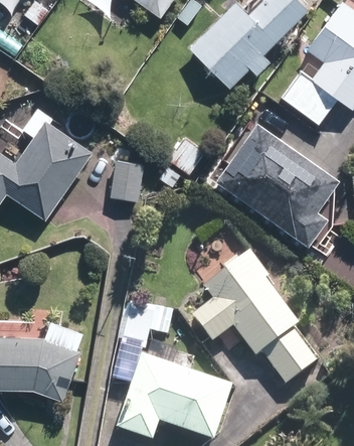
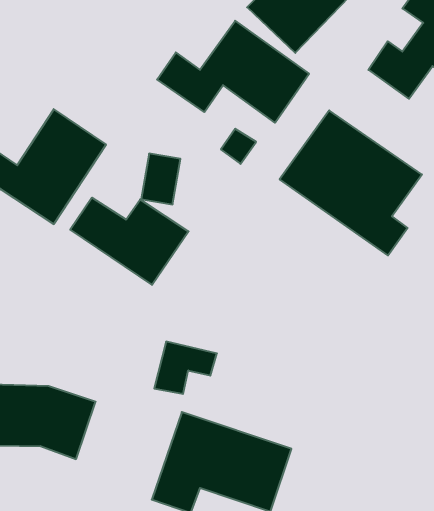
building: none -> [157,21,309,123]
building: none -> [70,198,189,285]
building: [196,260,311,379] -> none

